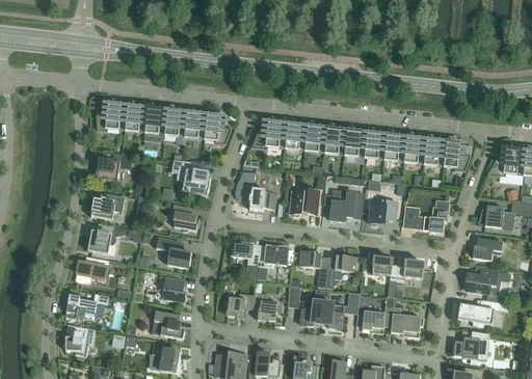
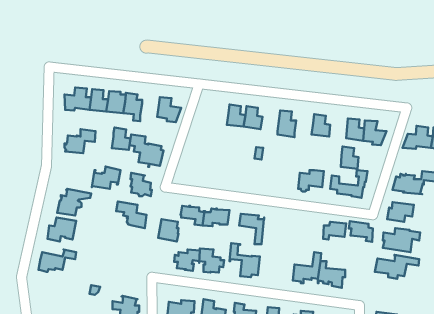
building: [184,112,206,138] -> [112,128,131,150]
building: [251,121,287,148] -> none
building: [324,129,346,155] -> none
building: [364,133,385,159] -> none
building: [404,137,425,163] -> [341,147,359,169]
building: [235,170,276,210] -> none
building: [290,190,319,216] -> none
building: [91,192,125,218] -> [92,167,121,189]
building: [330,192,363,221] -> none
building: [325,254,356,288] -> none
building: [370,256,398,280] -> [349,221,373,242]
building: [162,276,186,302] -> [158,219,179,242]
building: [321,292,360,328] -> none
building: [152,310,184,339] -> none
building: [64,325,96,356] -> none
building: [453,331,486,358] -> none

